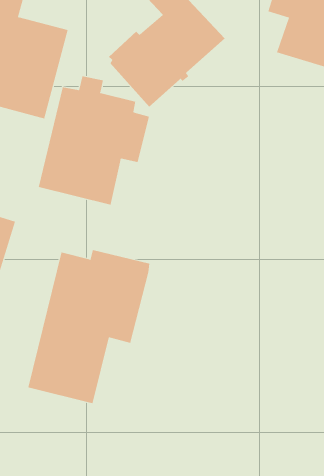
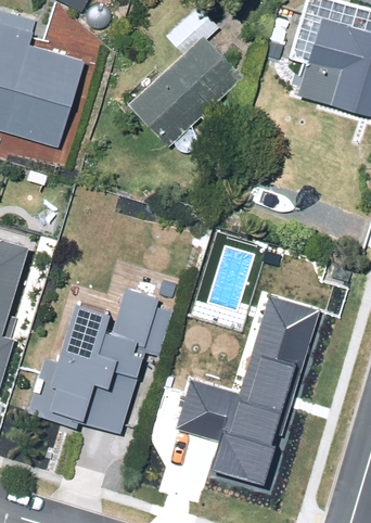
building: [38,75,149,205] -> none
building: none -> [172,293,317,484]

